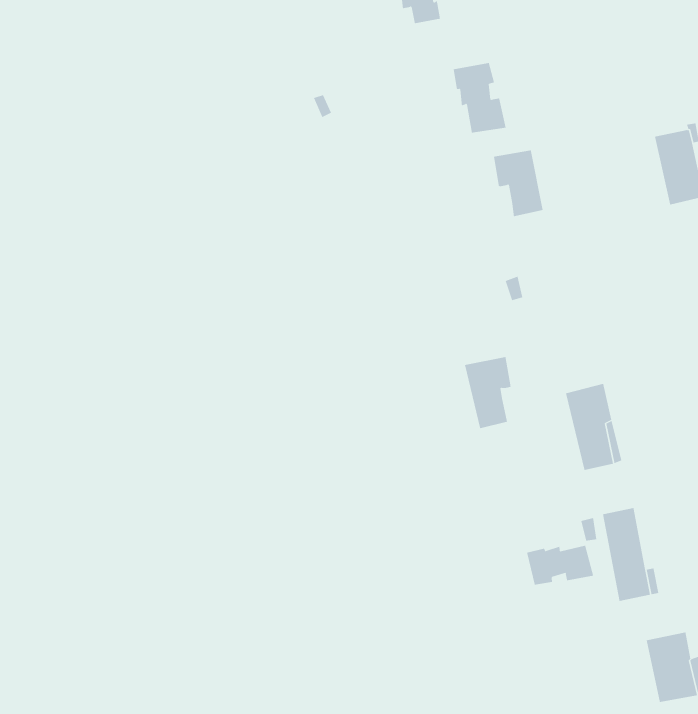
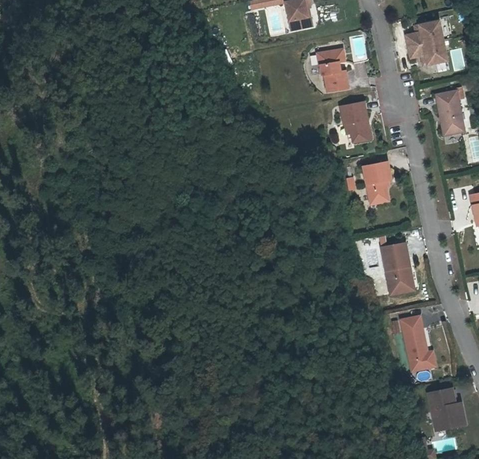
building: none -> [402,21,444,64]
building: [464,356,511,429] -> [361,161,389,204]
building: [527,545,594,585] -> none

